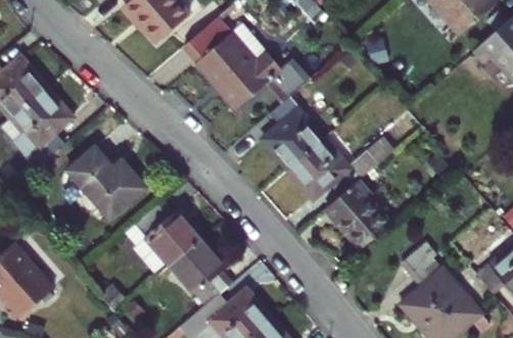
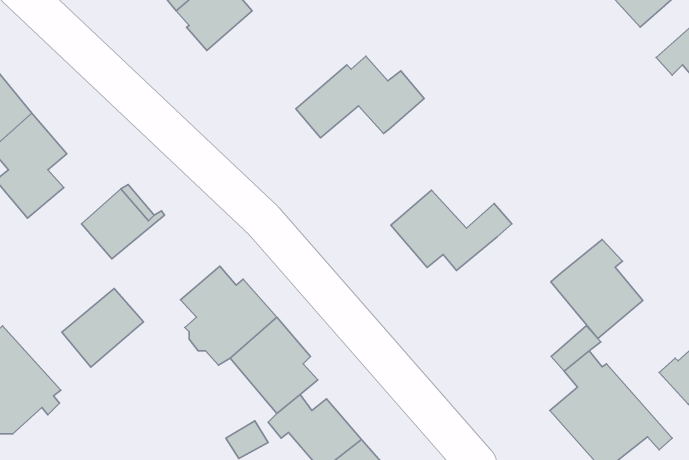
building: [187,25,258,88] -> none
building: [264,102,317,170] -> none
building: [93,162,150,218] -> [62,288,143,367]
building: [327,178,391,247] -> [551,239,643,339]

